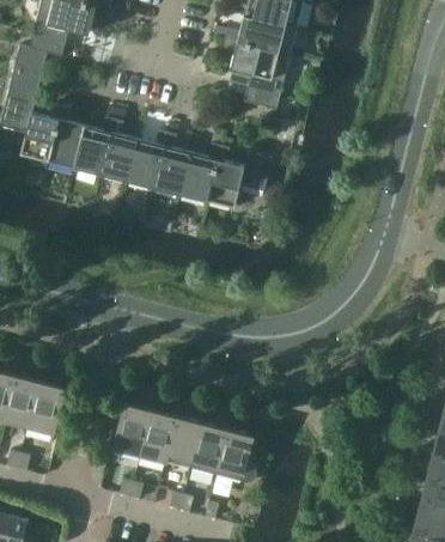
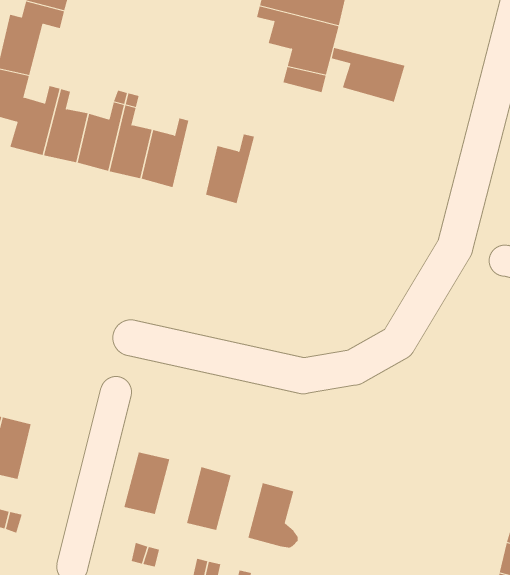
building: none -> [331,47,405,103]
building: [153,133,189,194] -> none
building: [206,146,270,207] -> none
building: [26,382,65,434] -> none
building: [139,410,176,463] -> none
building: [189,424,226,475] -> none

